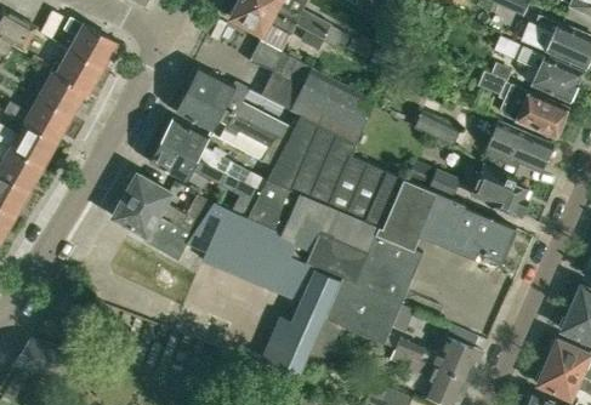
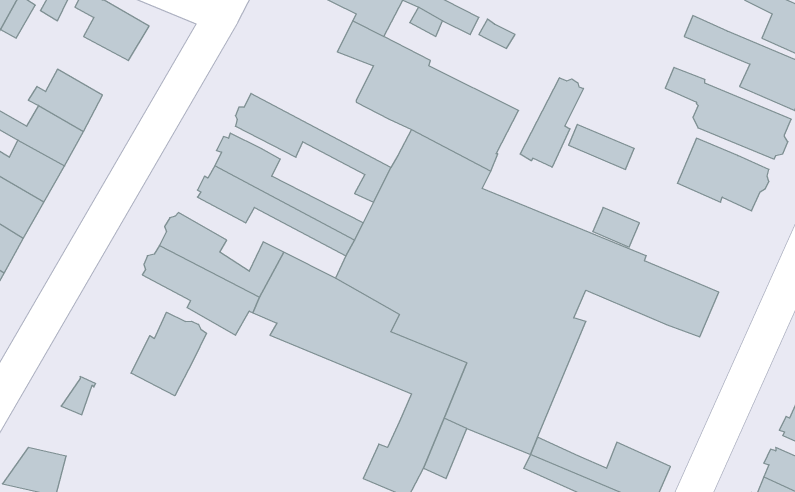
building: [50,51,102,95] -> none
building: [188,69,291,143] -> none
building: none -> [520,78,583,167]
building: [472,166,528,218] -> none
building: none -> [131,312,207,396]

